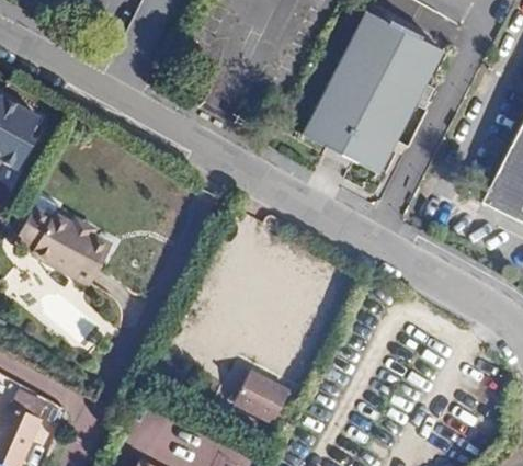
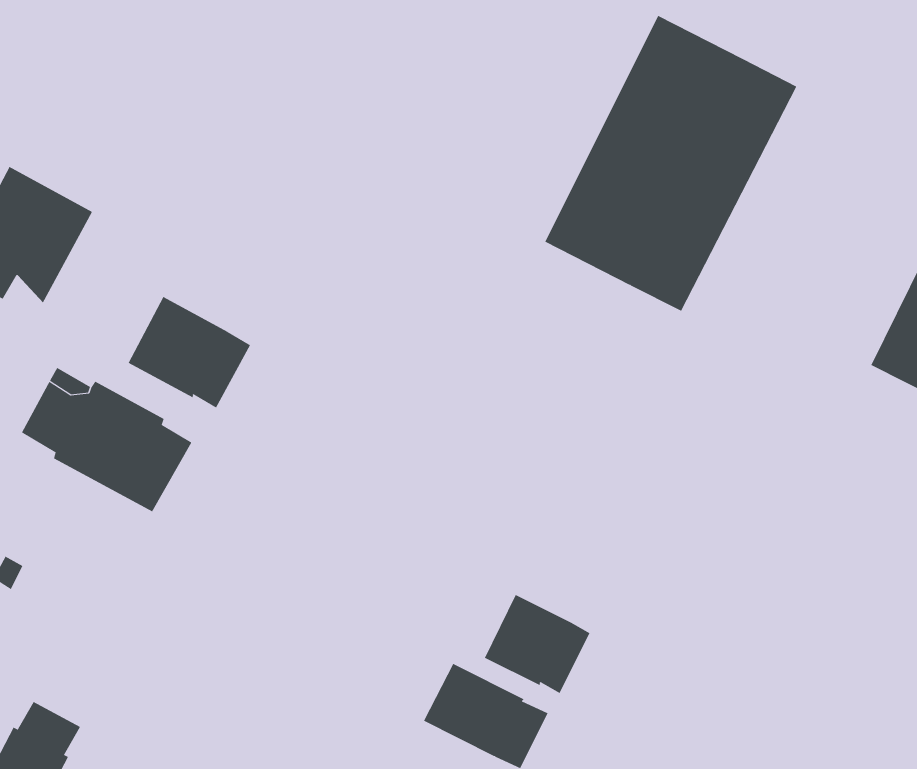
building: none -> [128,296,251,409]
building: none -> [484,594,590,694]

